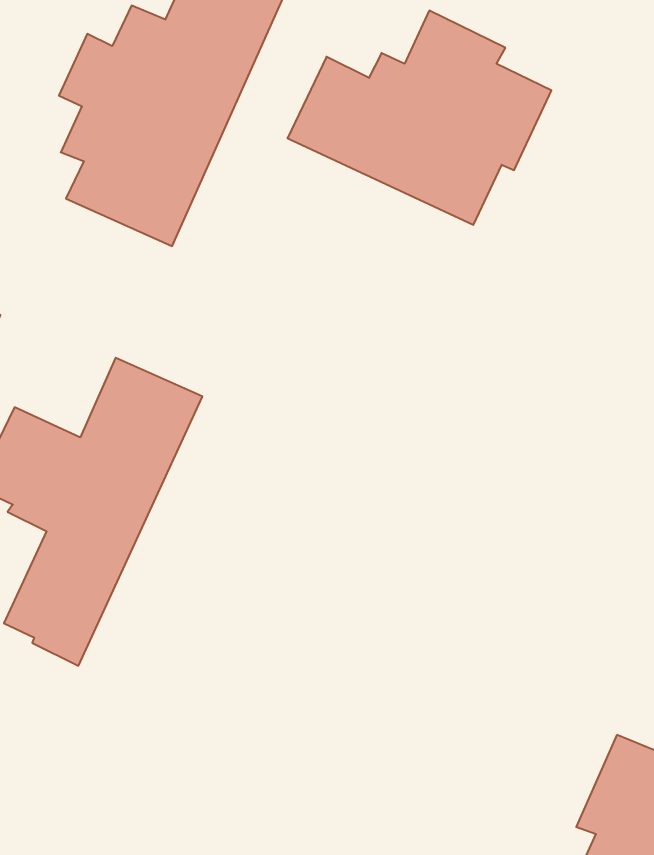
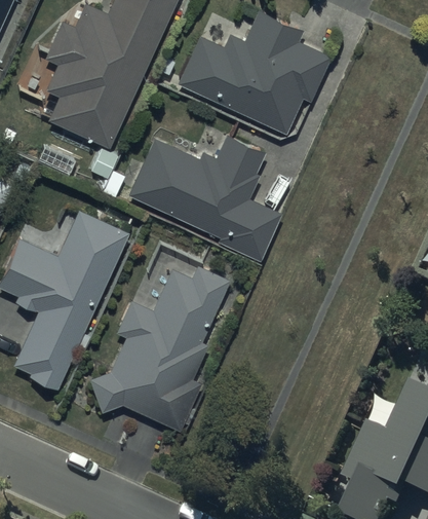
building: none -> [127,136,280,261]
building: none -> [90,268,230,431]

